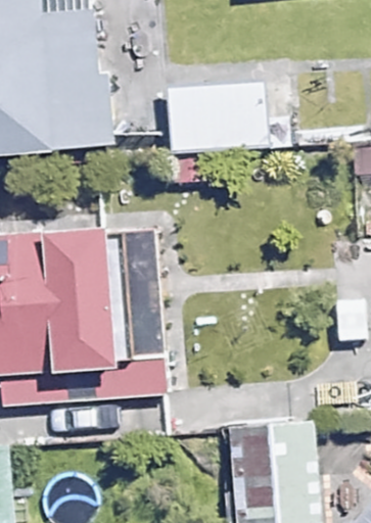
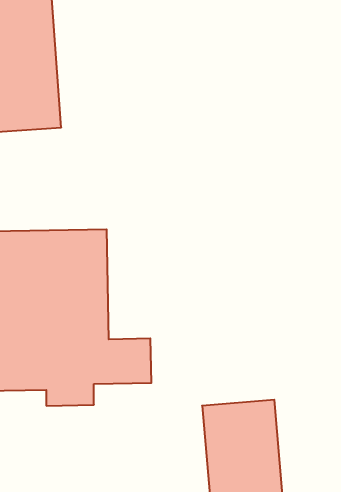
building: [169,84,267,148] -> none

